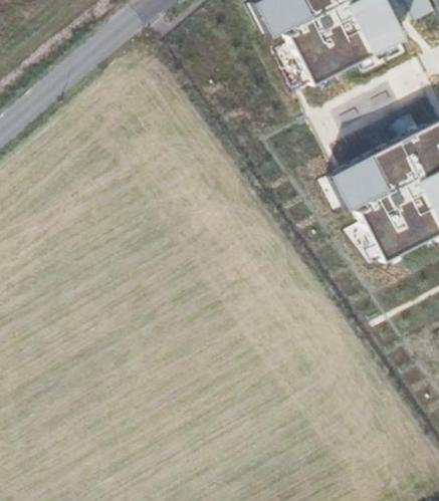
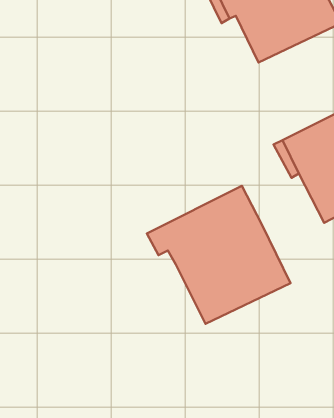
building: none -> [147,186,291,324]

